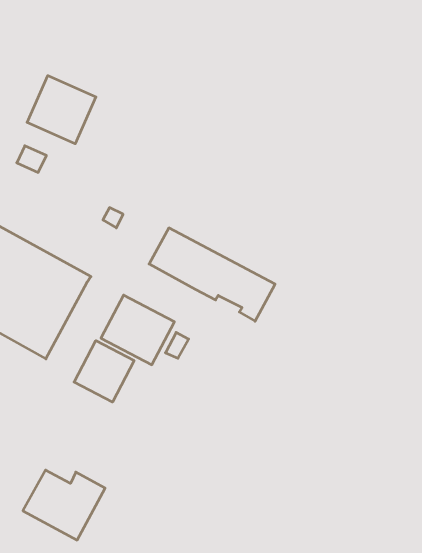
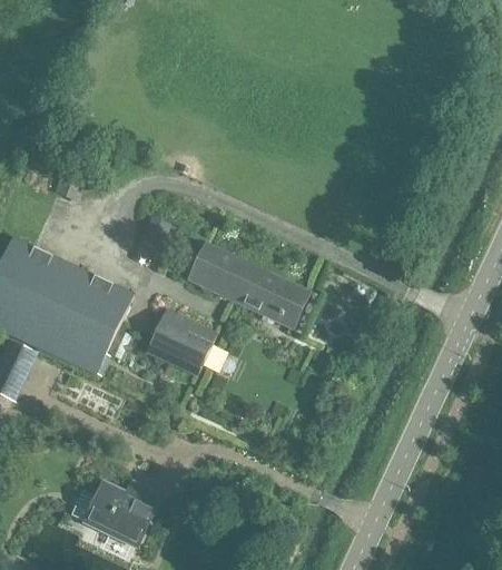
building: [27,76,96,144] -> none
building: [74,341,134,402] -> none

